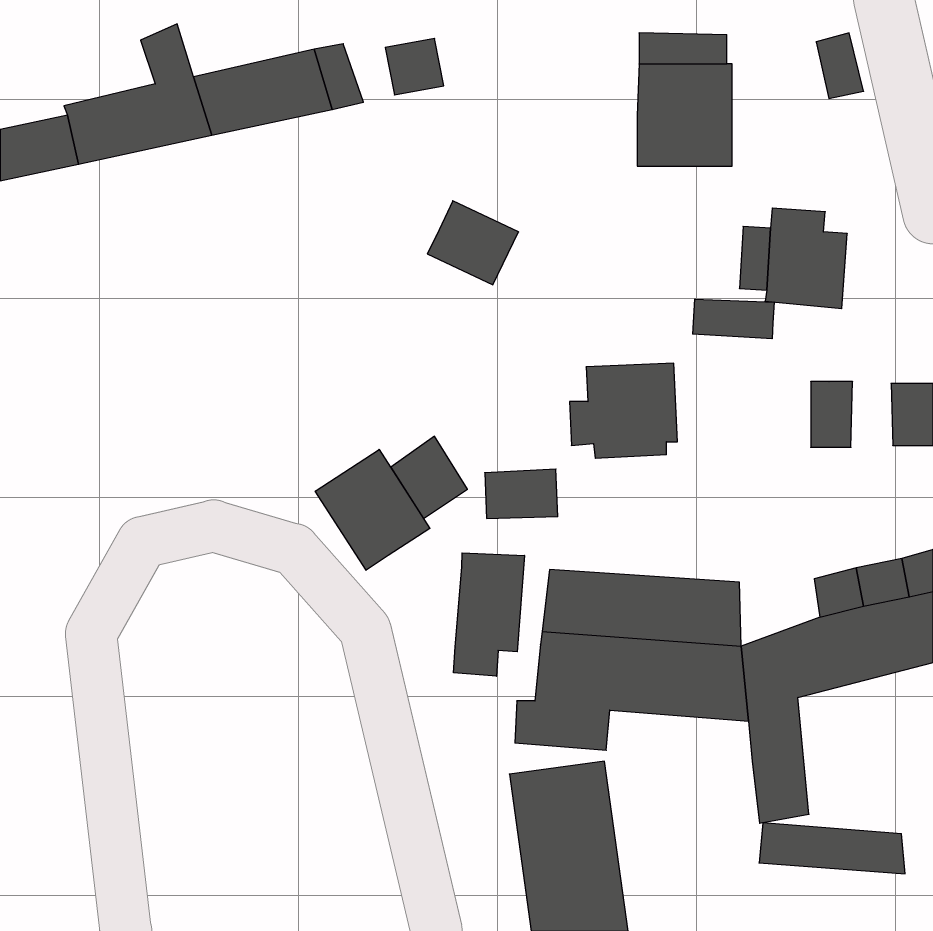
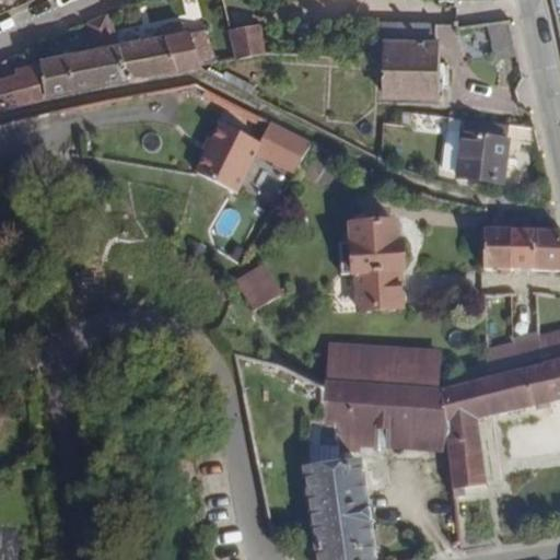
building: none -> [196,121,261,192]
building: [693,299,774,339] -> none
building: none -> [510,229,535,268]
building: [315,449,430,570] -> none
building: [485,469,558,518] -> [357,272,400,302]
building: [454,553,524,676] -> none
building: [759,823,905,874] -> [363,425,451,456]

